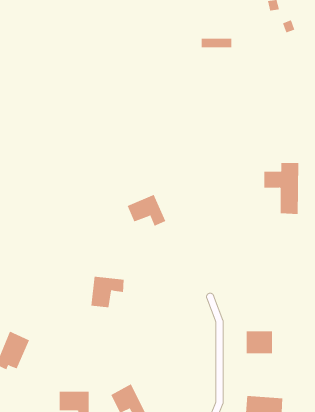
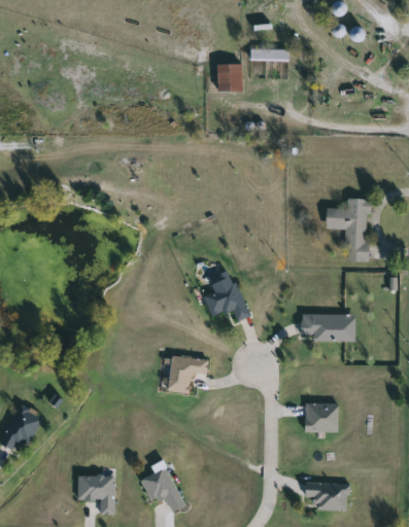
building: none -> [217,64,242,92]
building: [127,194,166,226] -> [204,282,251,321]
building: none -> [302,313,355,341]
building: [91,276,125,308] -> [167,354,208,392]

